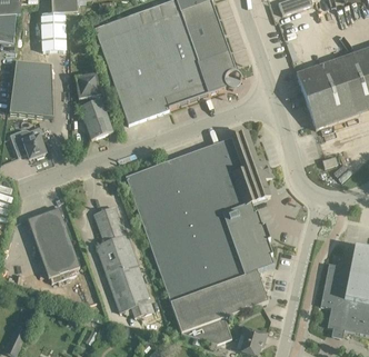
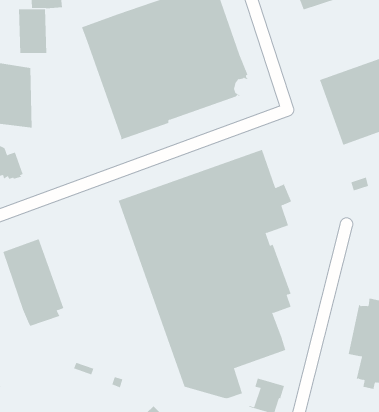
building: [74,72,113,138] -> none
building: [94,206,153,317] -> none

